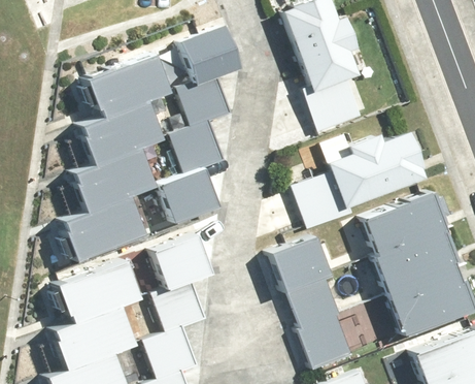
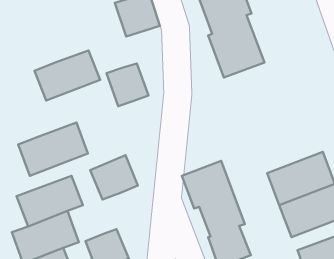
building: [91,51,171,116] -> none
building: [180,75,230,122] -> none
building: [295,139,422,230] -> none
building: [71,146,155,209] -> none
building: [160,164,218,222] -> none
building: [358,188,443,255] -> none
building: [151,280,203,331] -> none

